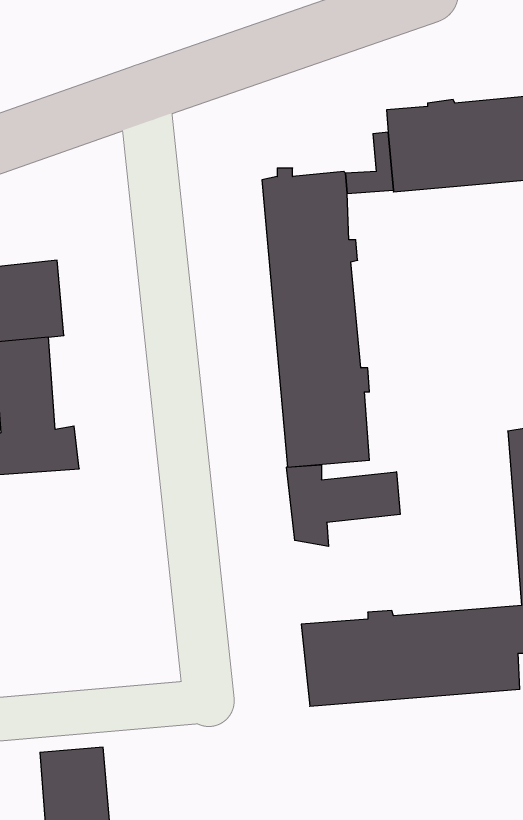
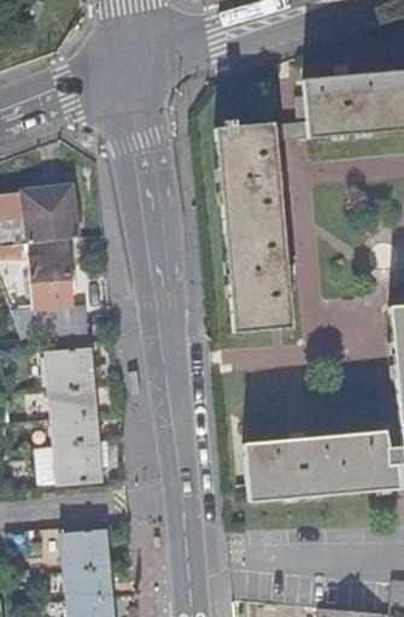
building: [287,465,400,546] -> none
building: none -> [45,347,101,484]

